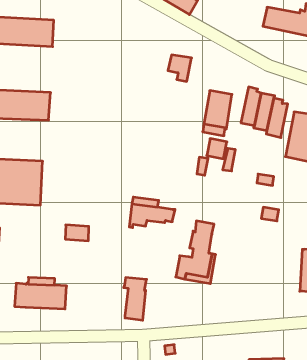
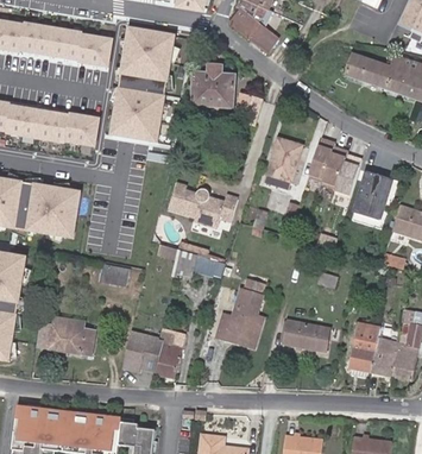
building: none -> [113,26,179,145]
building: none -> [190,63,234,107]
building: none -> [168,183,237,226]
building: none -> [282,320,328,349]
building: none -> [121,332,162,372]

